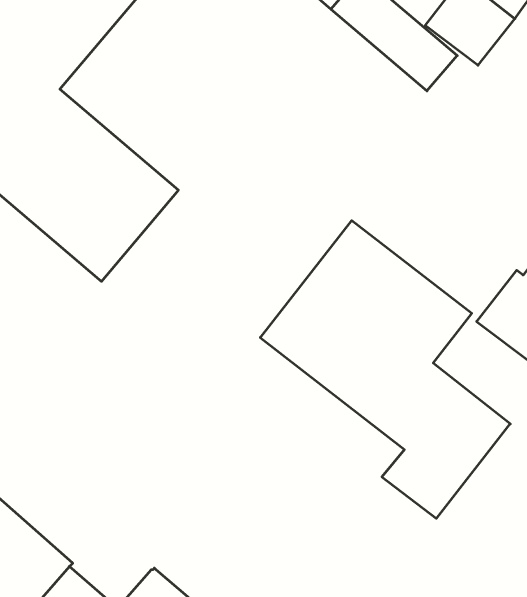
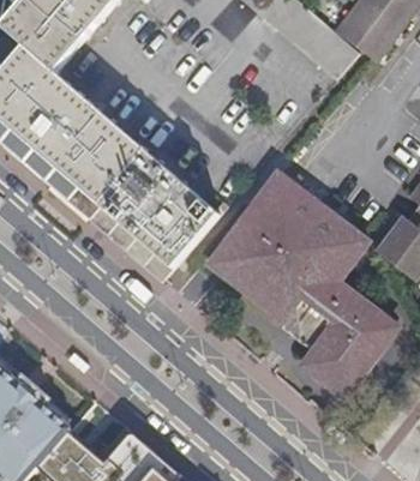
building: none -> [90,149,220,278]

